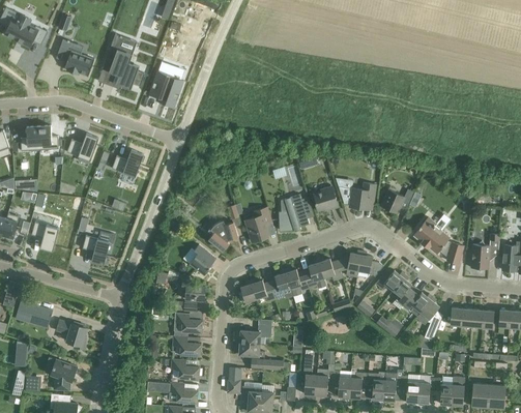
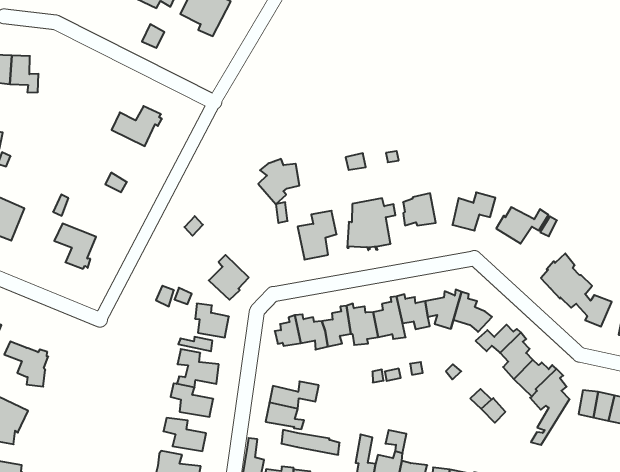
building: [65,134,97,160] -> none
building: [209,219,237,250] -> [258,159,299,204]

